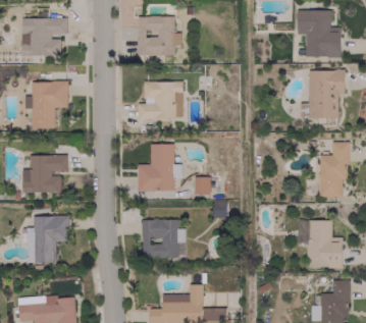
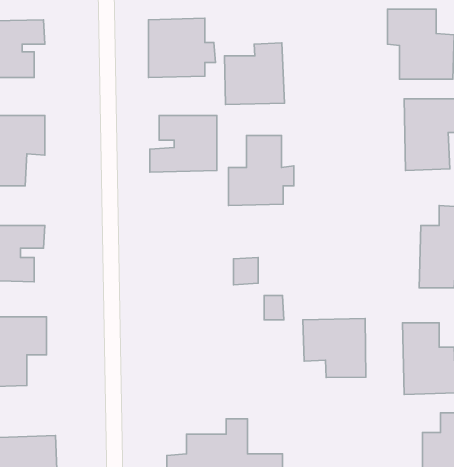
building: none -> [225,43,284,105]
building: [138,144,181,191] -> [228,135,294,206]
building: none -> [303,319,366,377]
building: [142,219,186,258] -> none

